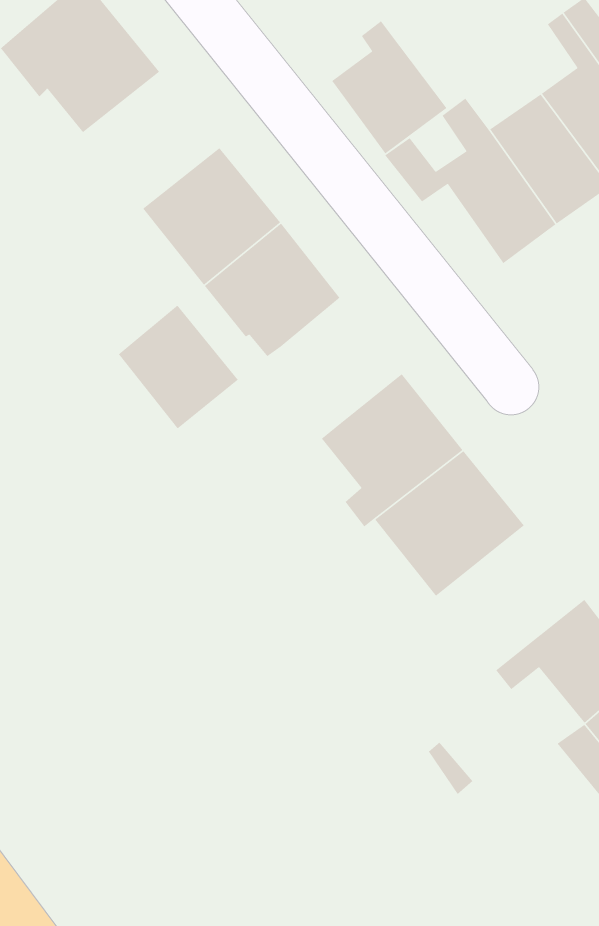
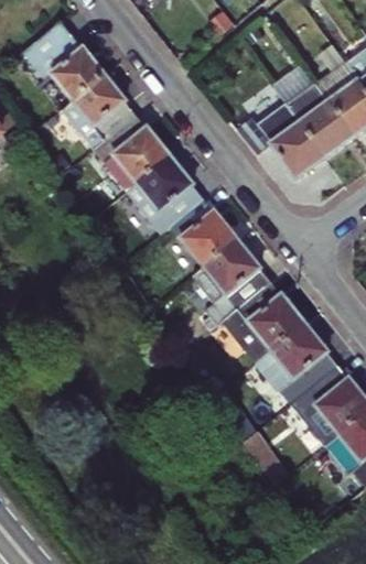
building: [331,20,448,154] -> none
building: none -> [60,70,136,147]
building: [118,305,239,429] -> [170,196,237,265]
building: none -> [256,323,338,403]

